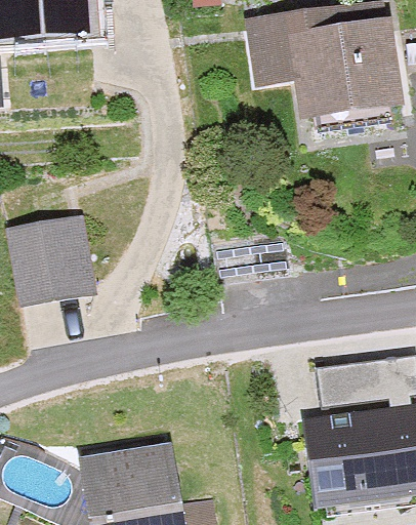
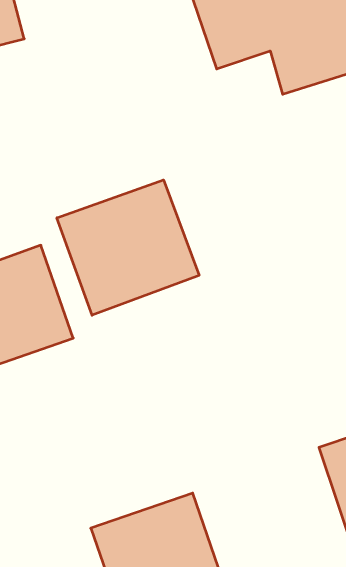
building: none -> [57,180,199,315]

